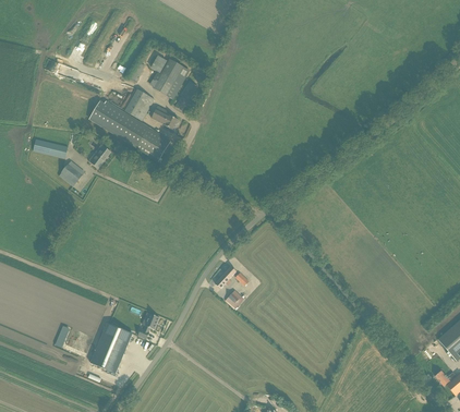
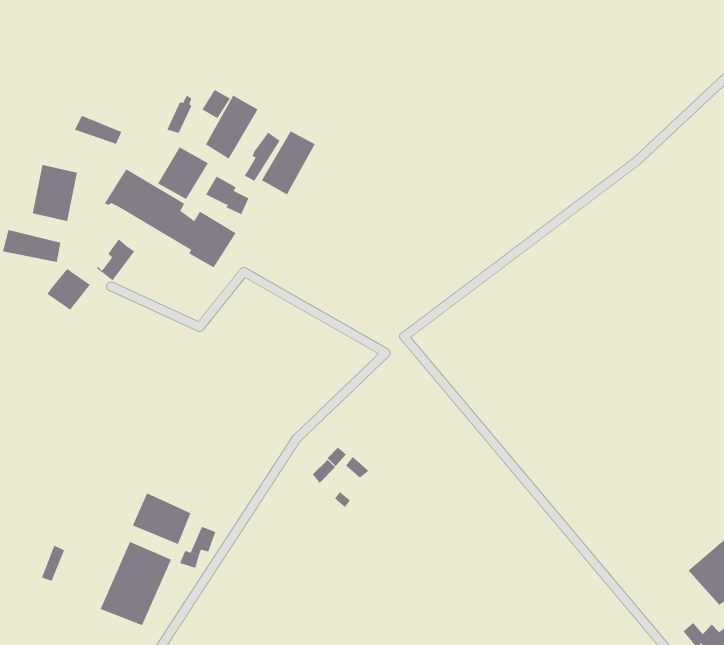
building: none -> [261,131,316,195]
building: none -> [32,164,77,222]
building: none -> [132,493,191,545]

